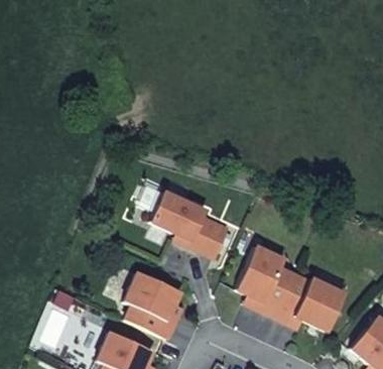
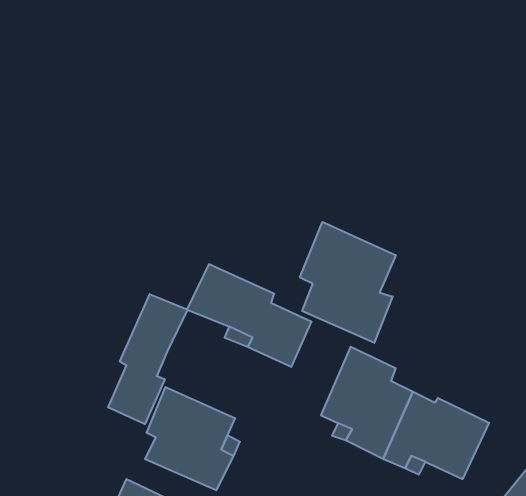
building: none -> [300,222,396,343]
building: none -> [108,294,187,424]

